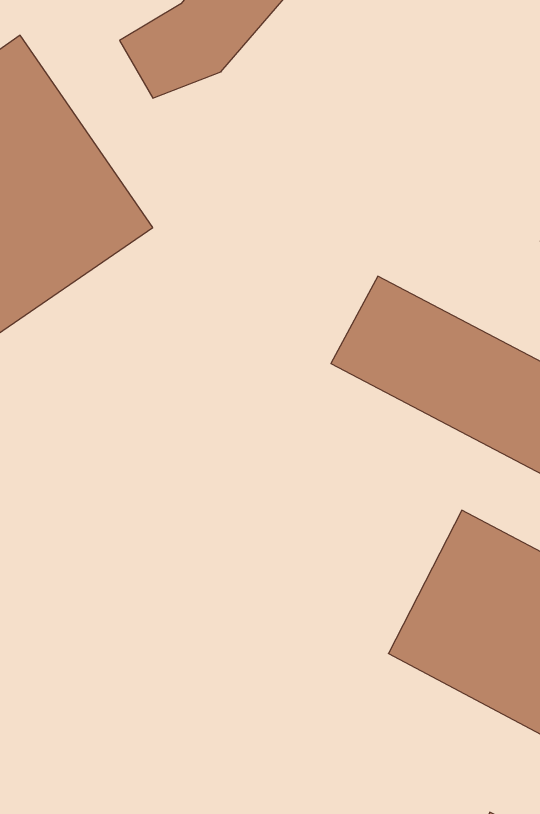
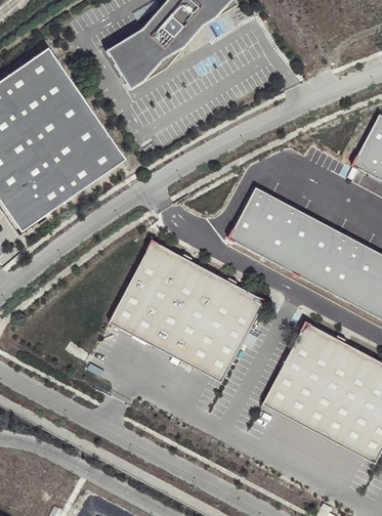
building: none -> [112,243,266,385]

